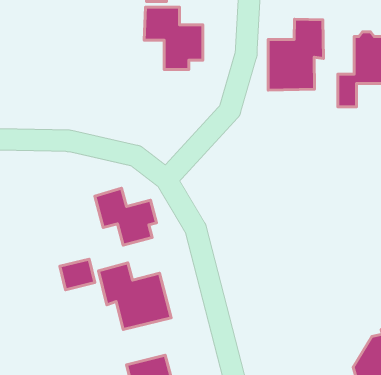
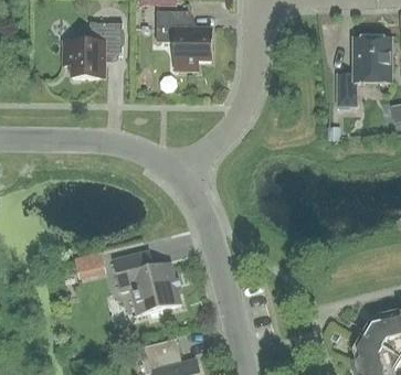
building: [268,19,324,90] -> none
building: none -> [63,22,122,76]
building: [95,188,156,245] -> none

